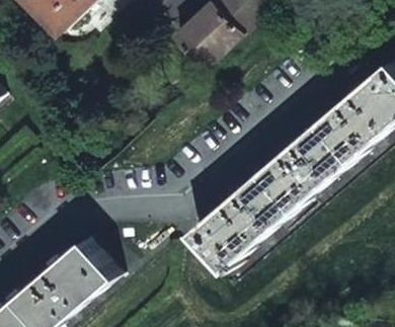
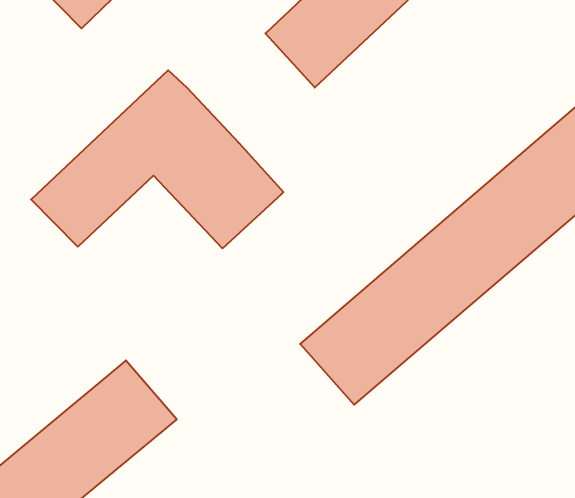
building: none -> [31,70,283,248]

